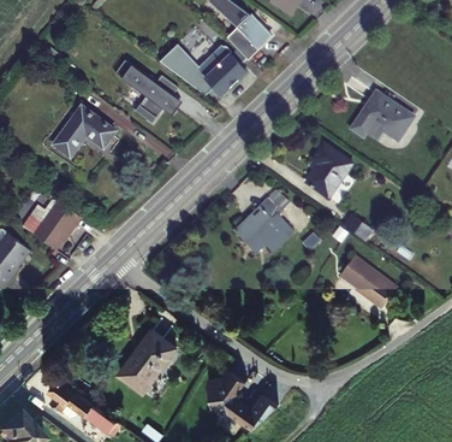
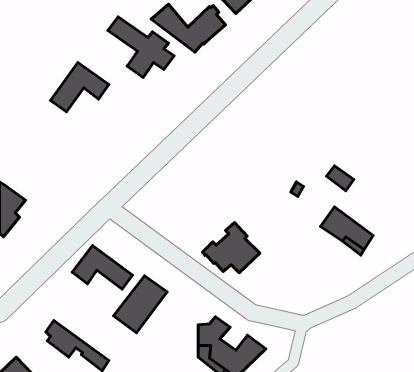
building: [353,92,414,139] -> none
building: [308,142,352,195] -> none
building: [24,198,83,249] -> none
building: [236,198,296,251] -> [202,222,260,273]
building: none -> [72,245,133,289]

